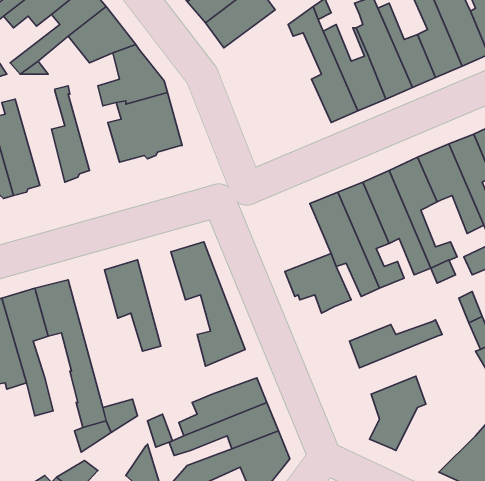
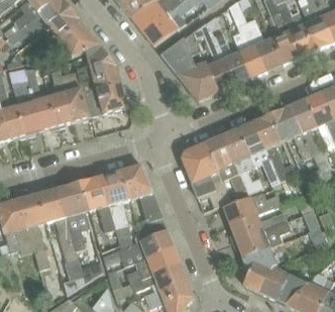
building: none -> [161,31,219,100]
building: none -> [25,68,57,129]
building: none -> [59,71,91,120]
building: none -> [181,140,219,182]
building: none -> [101,170,130,235]
building: none -> [59,181,89,249]
building: none -> [223,191,280,224]
building: none -> [236,220,290,256]
building: none -> [102,229,174,264]
building: none -> [258,265,307,304]

